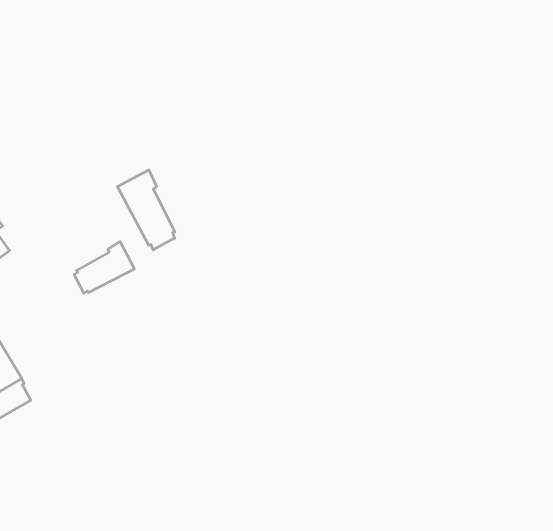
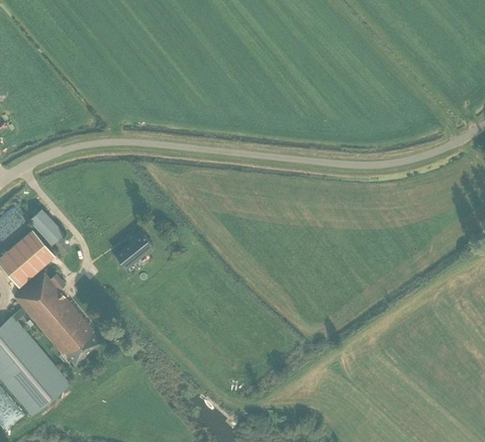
building: [117,170,175,250] -> none

